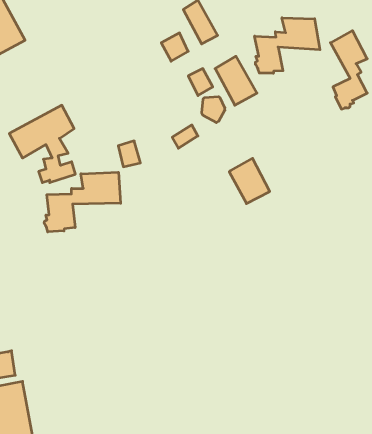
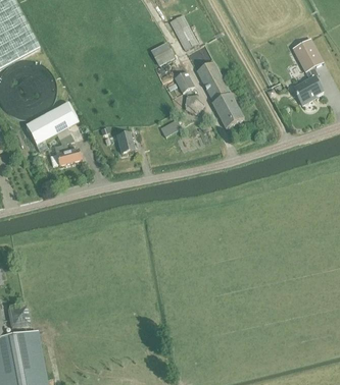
building: [255,18,320,73] -> none
building: [229,158,270,204] -> [211,91,245,128]
building: [44,172,121,232] -> none

